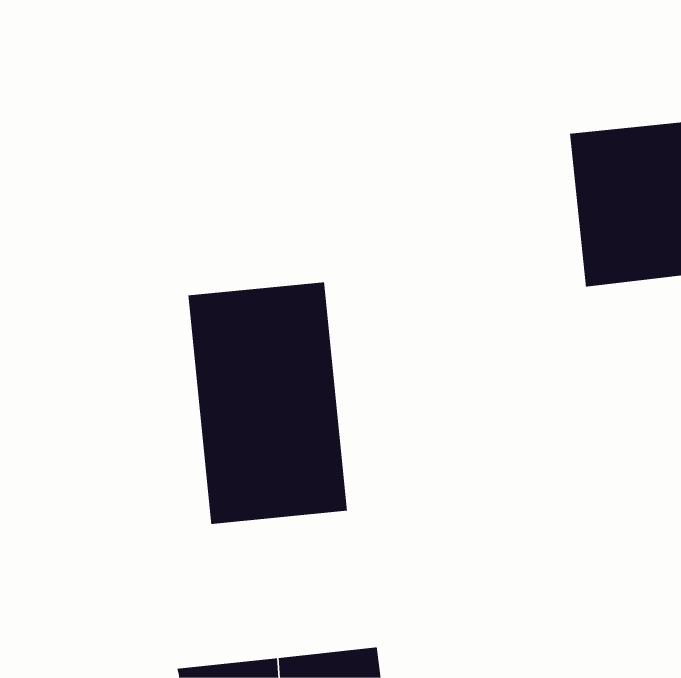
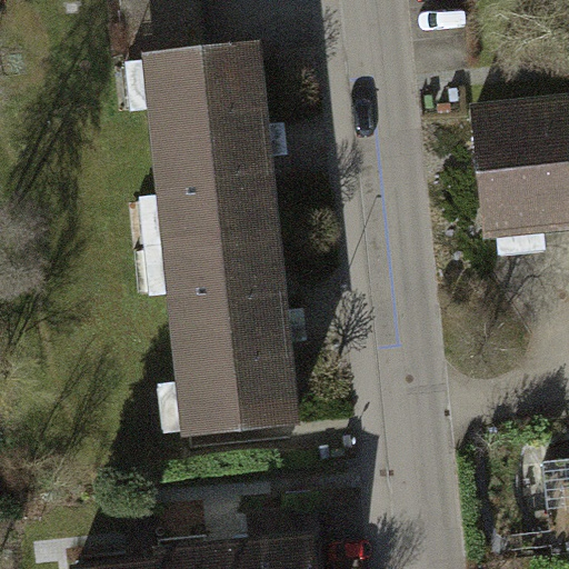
building: none -> [142,44,274,243]

